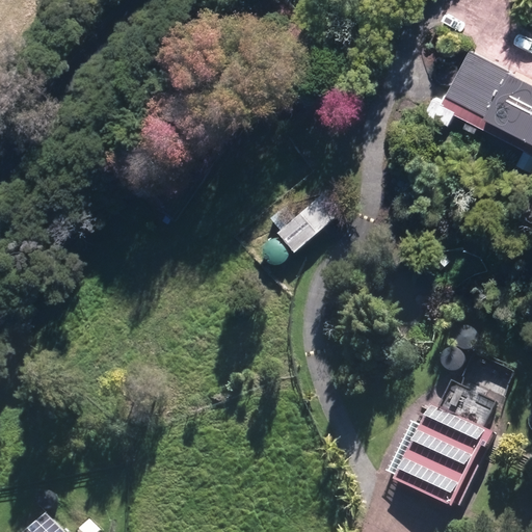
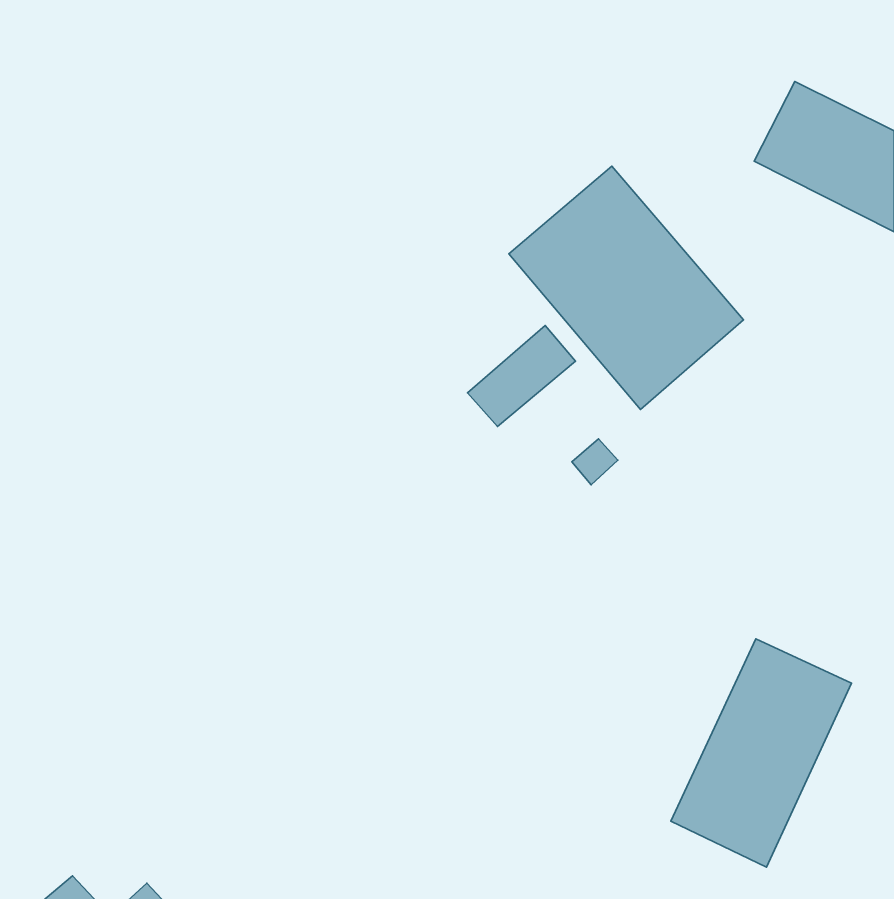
building: none -> [509,166,743,409]

